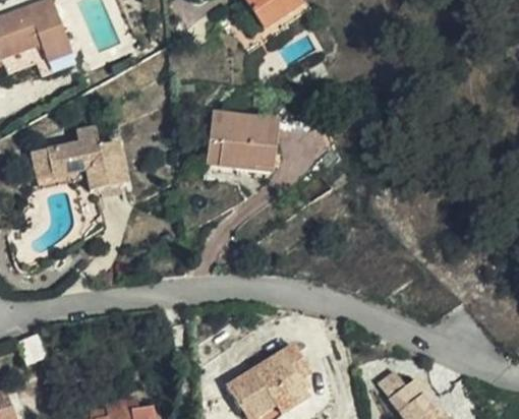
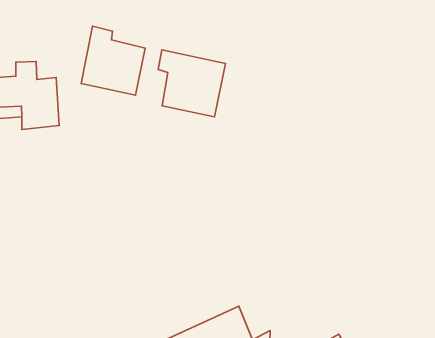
building: none -> [81,26,145,95]

